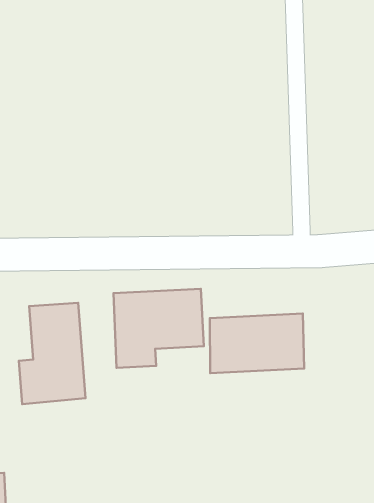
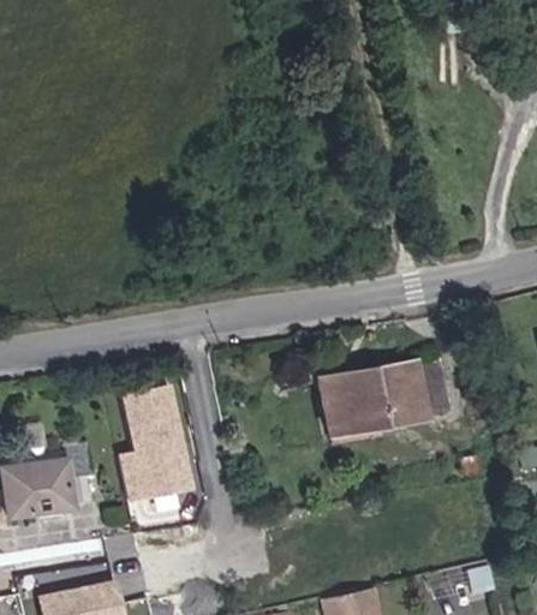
building: [114,289,204,368] -> none

